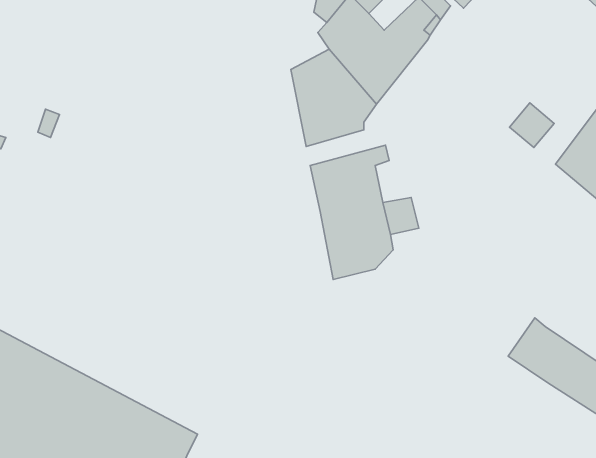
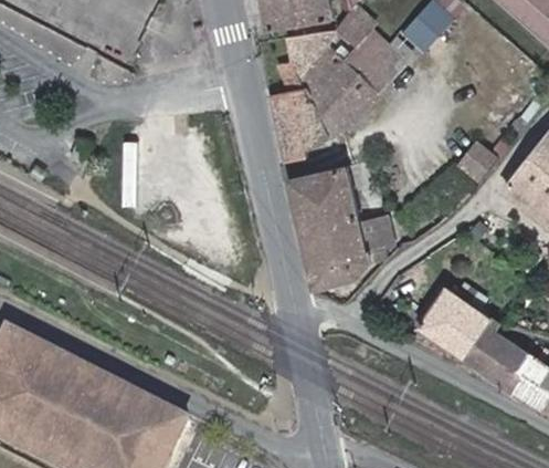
building: none -> [418,282,490,352]

